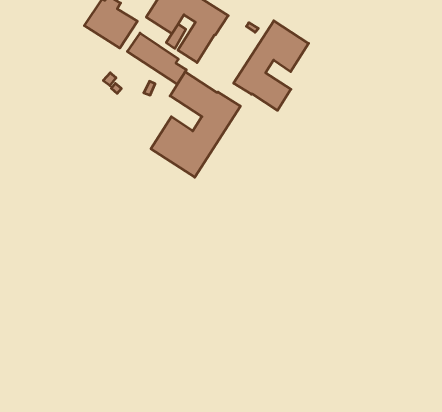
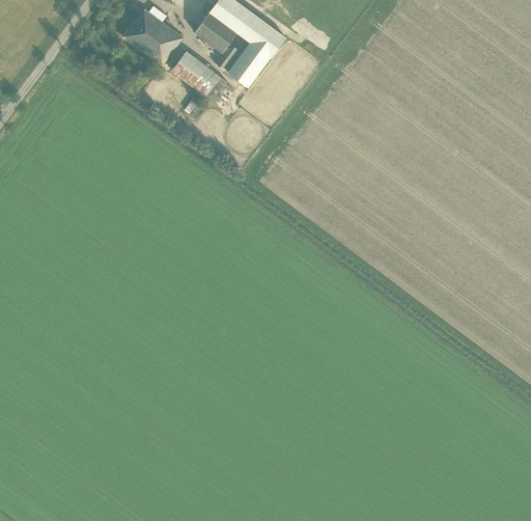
building: [234,21,309,110] -> none
building: [151,72,240,177] -> none

